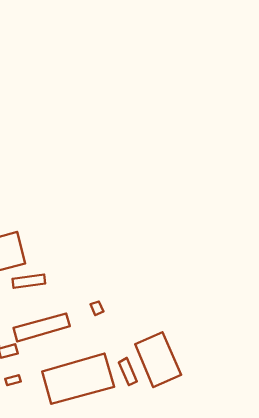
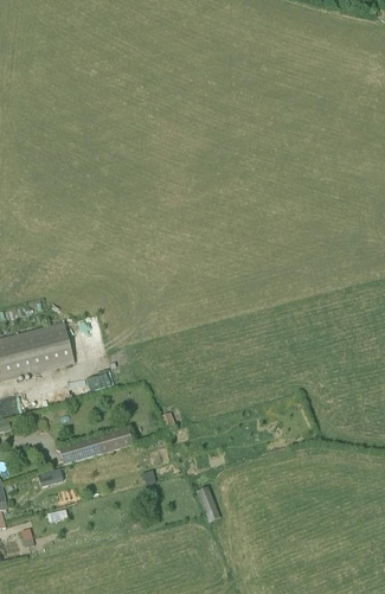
building: [135,332,181,387] -> none
building: [42,354,114,404] -> none

